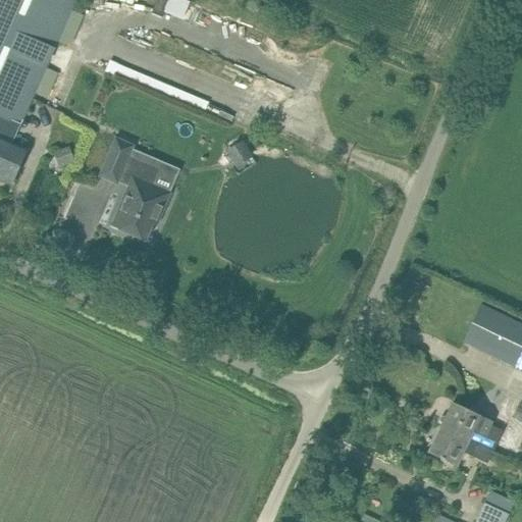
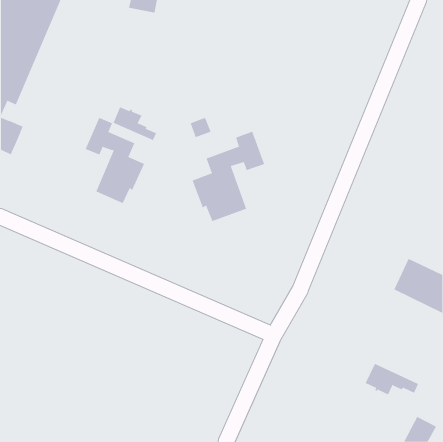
building: none -> [113,106,157,141]
building: none -> [192,131,265,222]
building: [440,403,504,452] -> none

